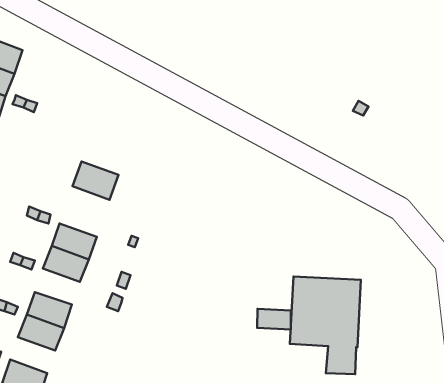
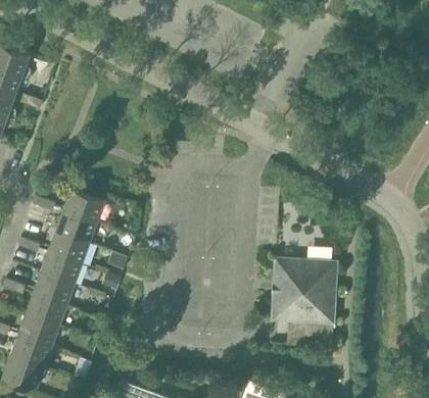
building: [73,161,119,200] -> [62,189,104,223]
building: none -> [40,252,81,285]
building: [257,309,291,330] -> none
building: none -> [17,314,58,347]

